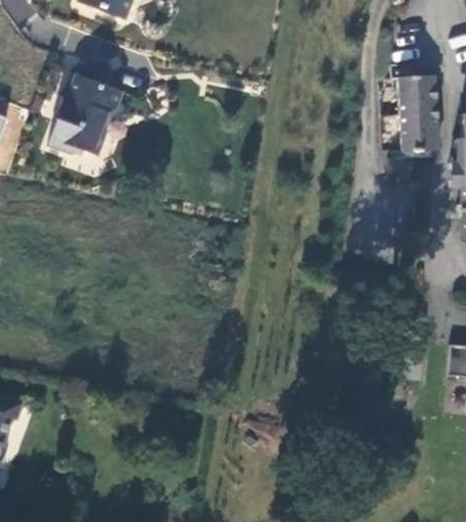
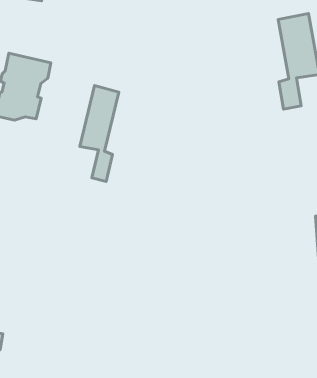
building: none -> [80,86,119,181]

